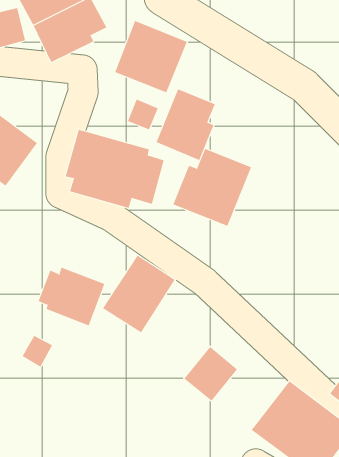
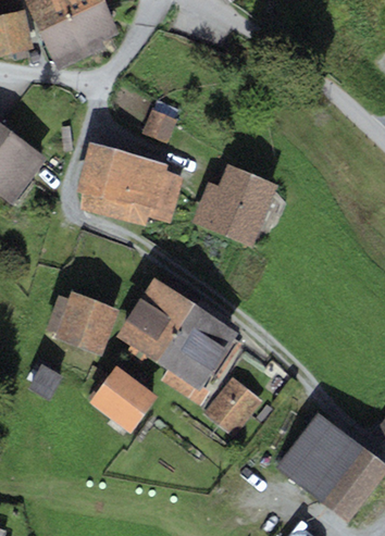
building: [115,20,188,93] -> none
building: [156,88,215,161] -> none
building: none -> [158,304,237,406]
building: none -> [89,364,158,431]

